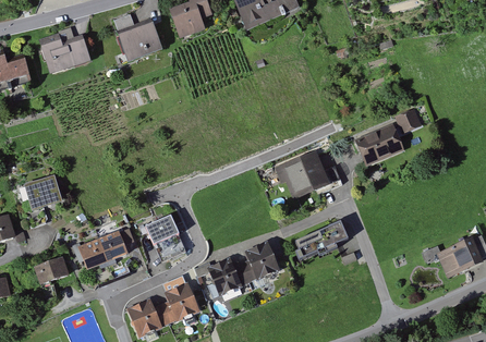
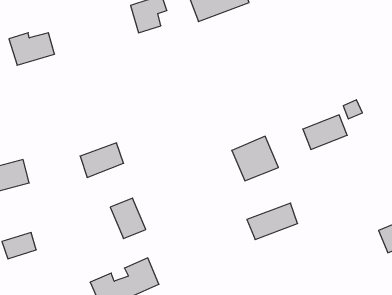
building: [111,13,159,62] -> none
building: [78,231,125,268] -> [80,143,124,177]
building: [208,244,281,294] -> none

